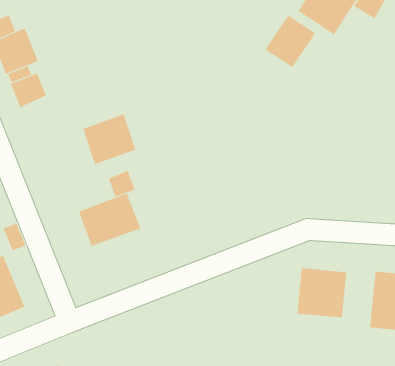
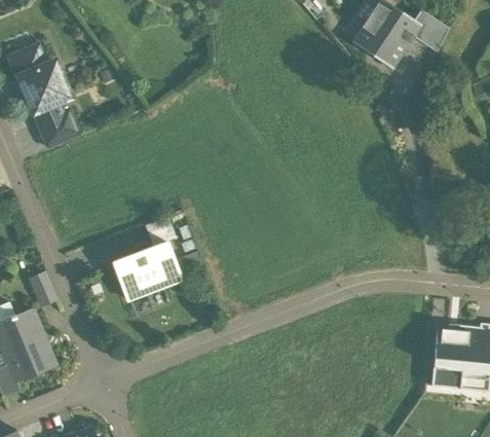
building: [265,15,316,68] -> none
building: [83,114,136,165] -> none
building: [297,268,347,318] -> none

